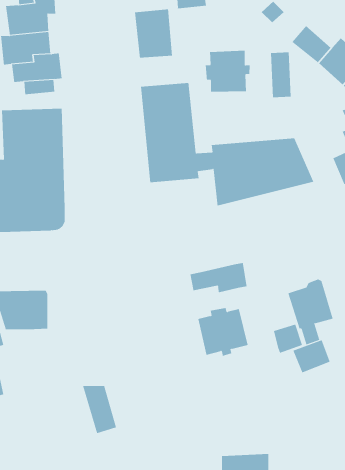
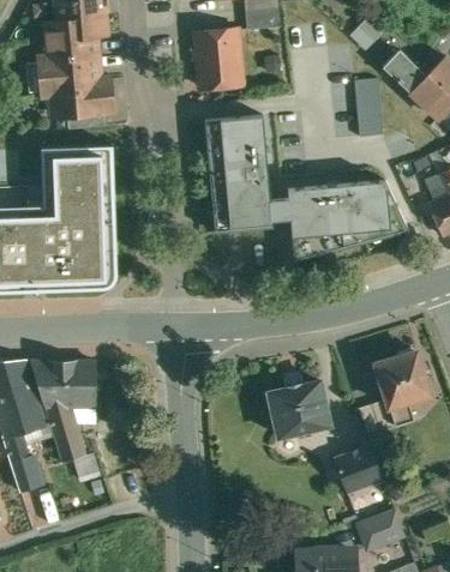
building: [205,50,250,93] -> none
building: [190,262,247,293] -> none
building: [293,339,330,373] -> [338,452,383,492]
building: [82,386,117,434] -> [46,405,86,462]
building: none -> [359,510,406,548]

